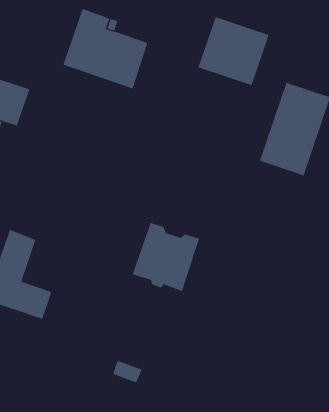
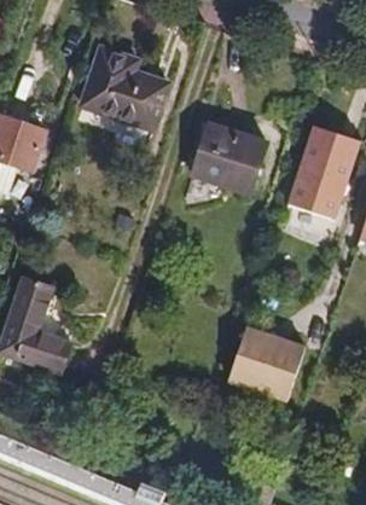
building: [198,16,269,86] -> [191,121,266,193]
building: [132,222,200,292] -> [233,327,304,400]

